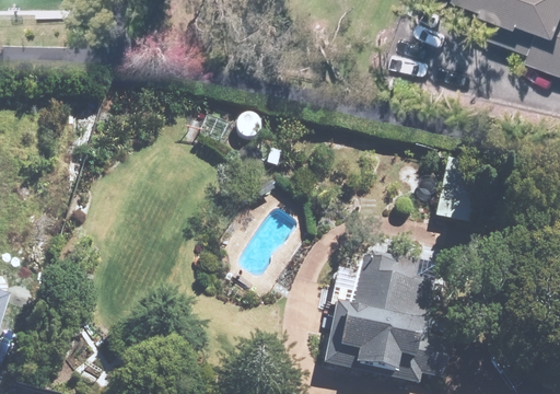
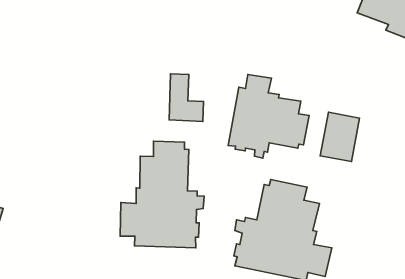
building: none -> [228,74,309,158]
building: none -> [120,141,204,248]

